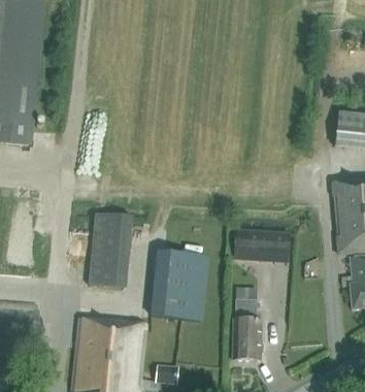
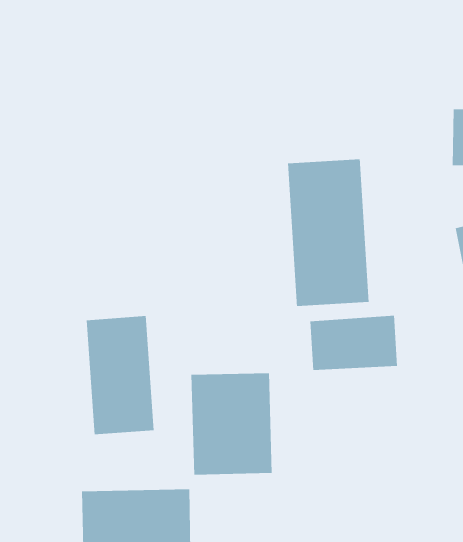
building: none -> [287,159,369,307]
building: [233,286,265,360] -> none

